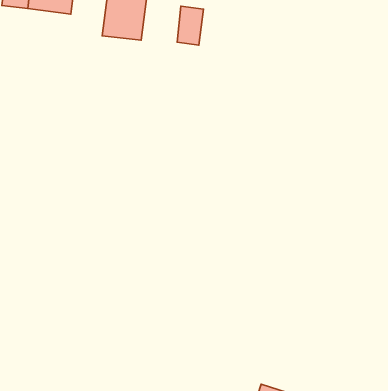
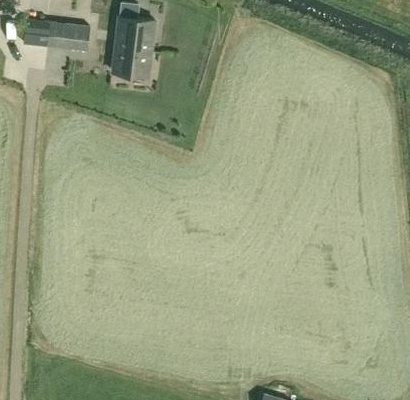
building: [177,6,203,45] -> none

